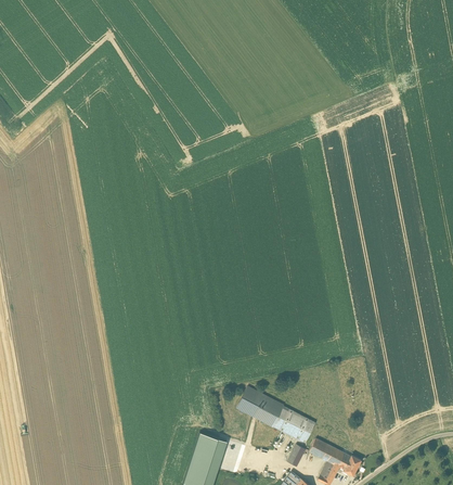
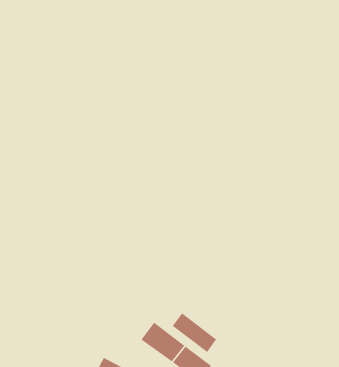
building: none -> [172,312,217,353]

